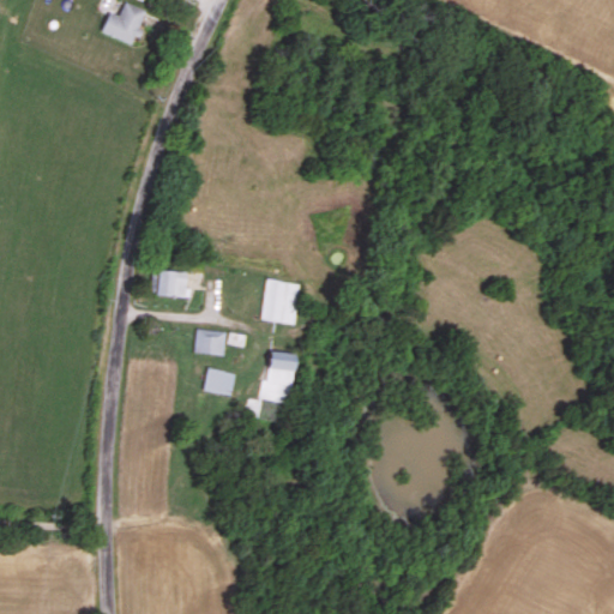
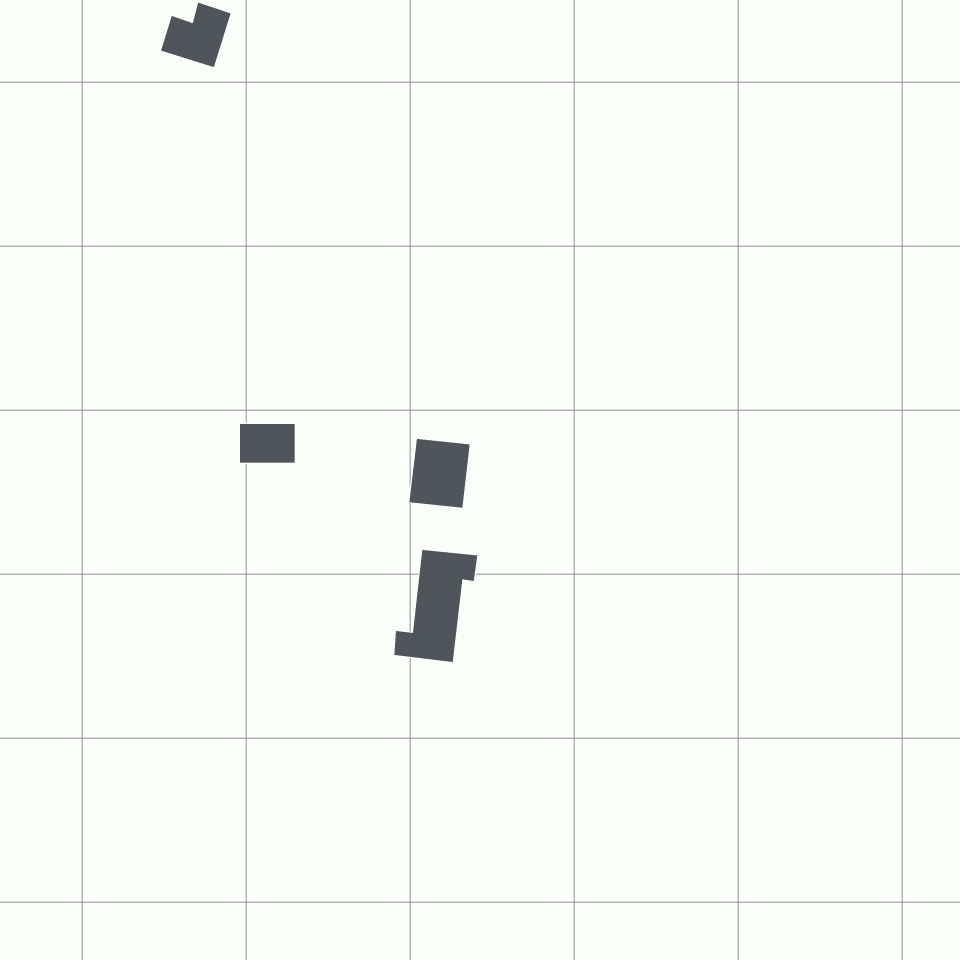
building: [193,330,224,355] -> none
building: [203,369,235,397] -> none

